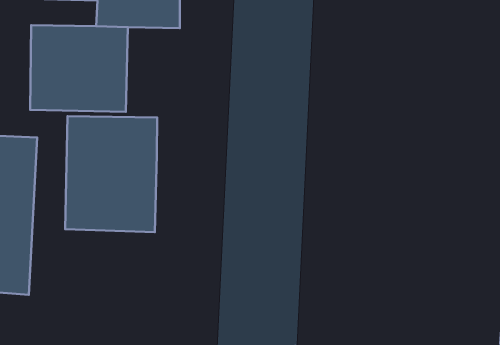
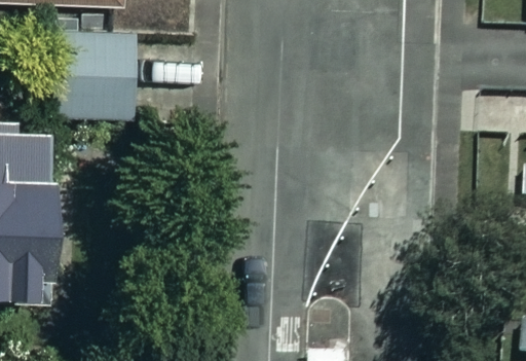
building: [65,116,157,232] -> none

